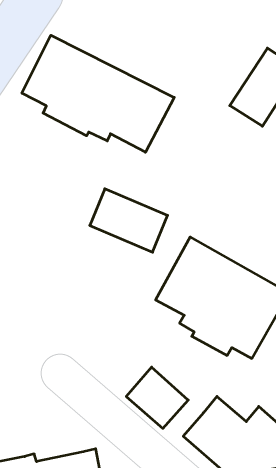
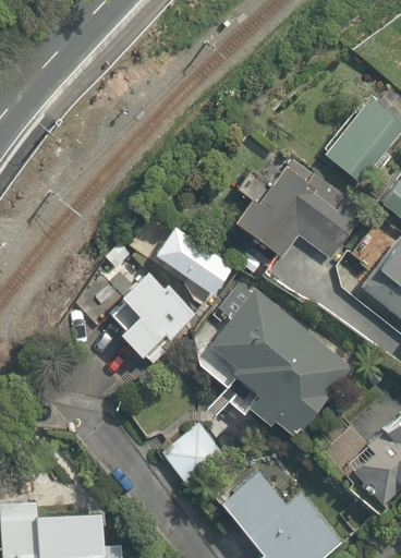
building: [22,35,174,152] -> none
building: none -> [231,163,359,263]
building: none -> [95,265,197,365]

